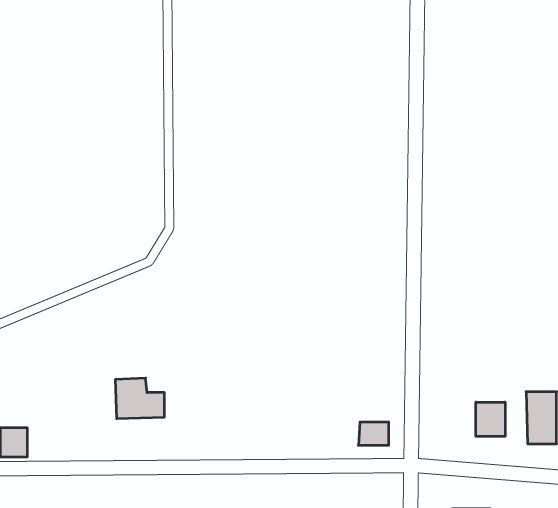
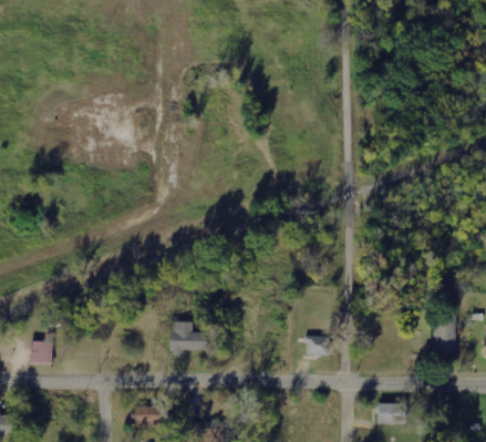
building: [115,378,164,419] -> [168,321,206,352]
building: [476,402,505,436] -> none

